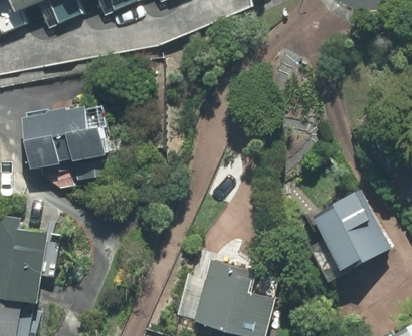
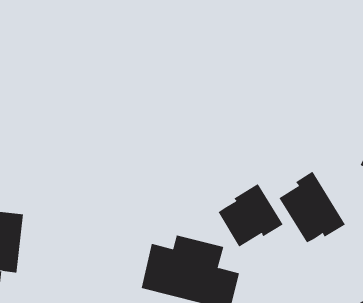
building: [22,105,109,167] -> none
building: none -> [218,183,283,247]

